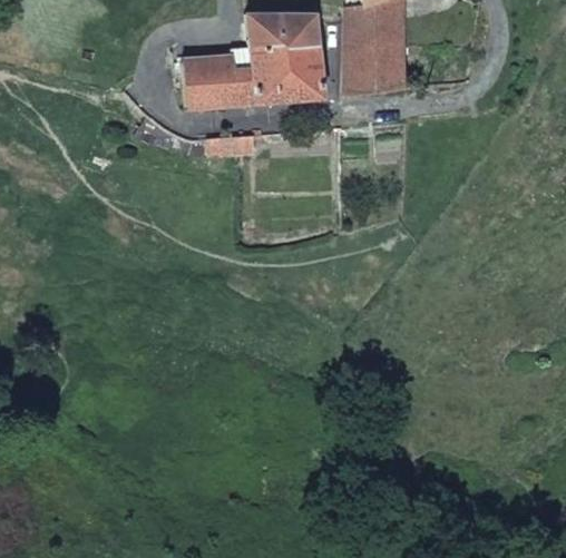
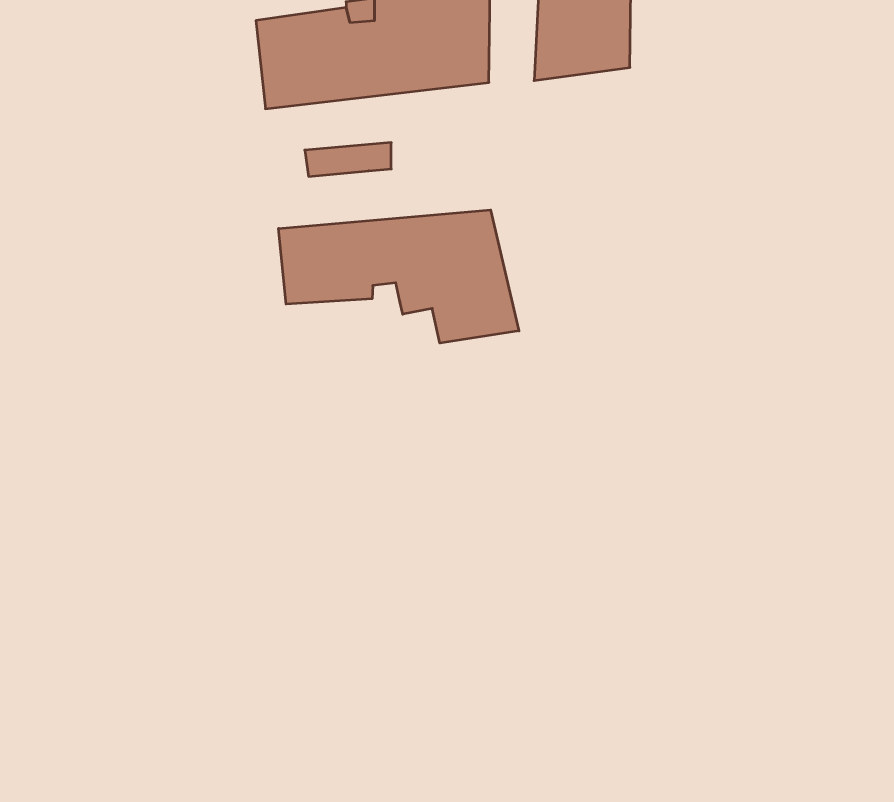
building: none -> [279,210,519,343]

